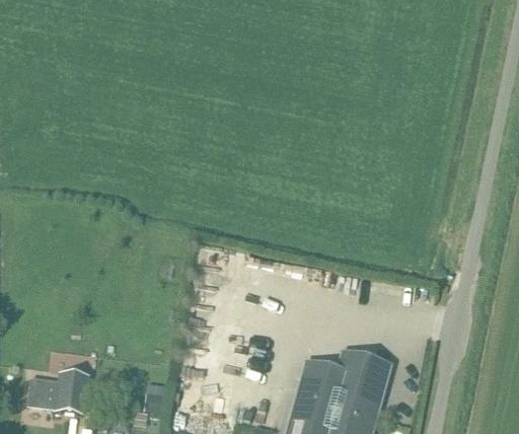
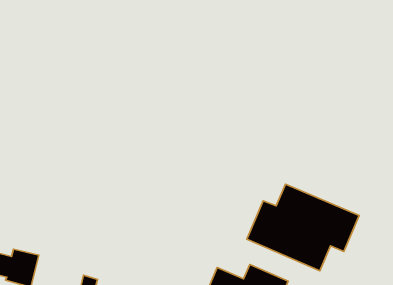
building: none -> [247,184,359,271]

